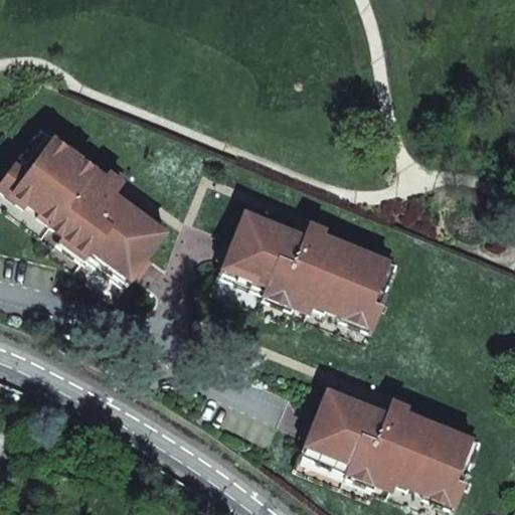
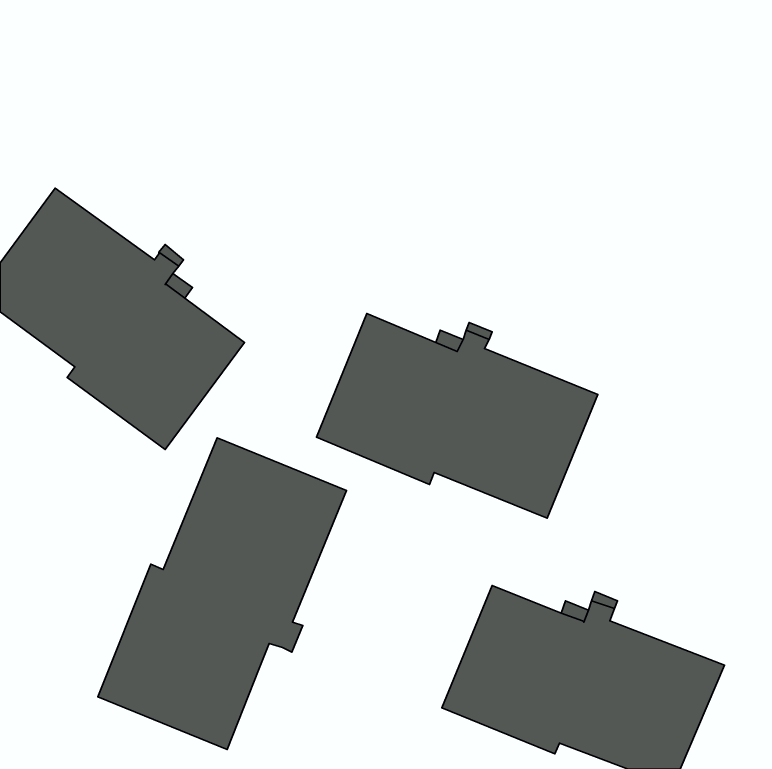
building: none -> [98,438,346,750]

